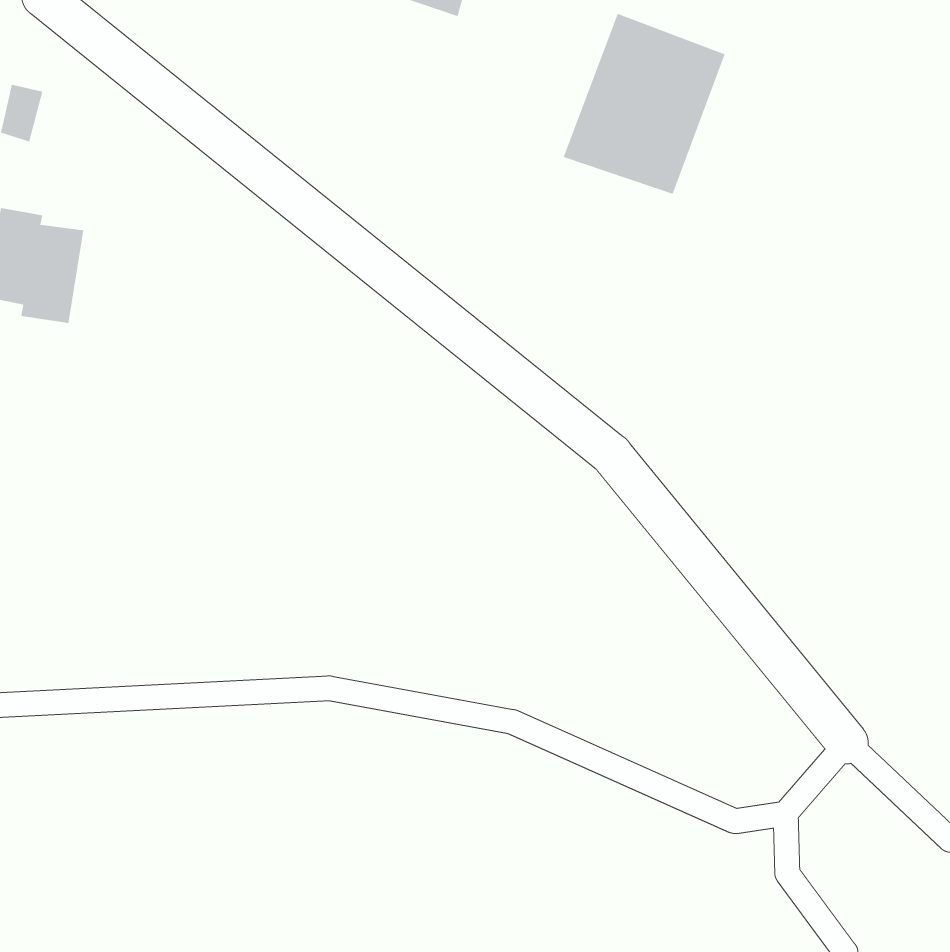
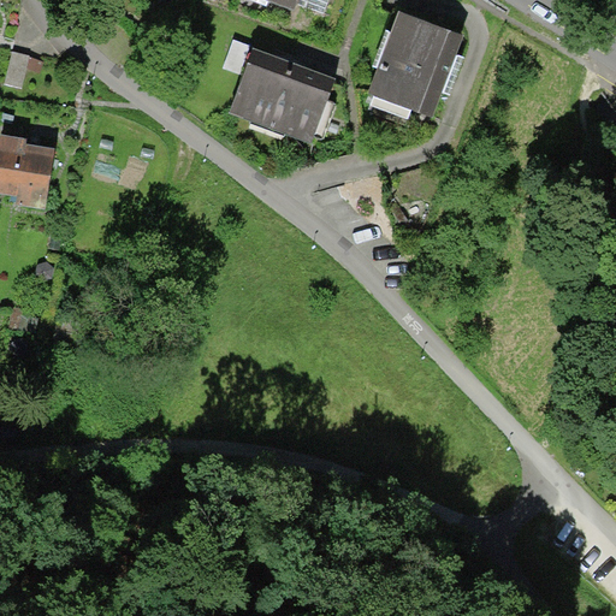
building: none -> [227,42,333,142]

